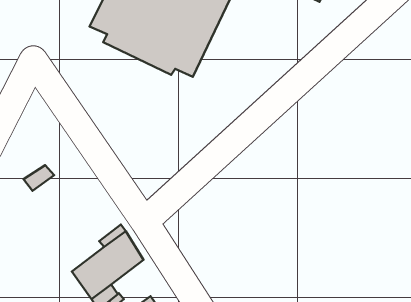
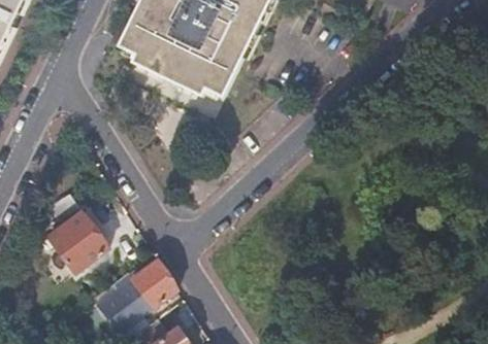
building: none -> [43,210,108,276]

